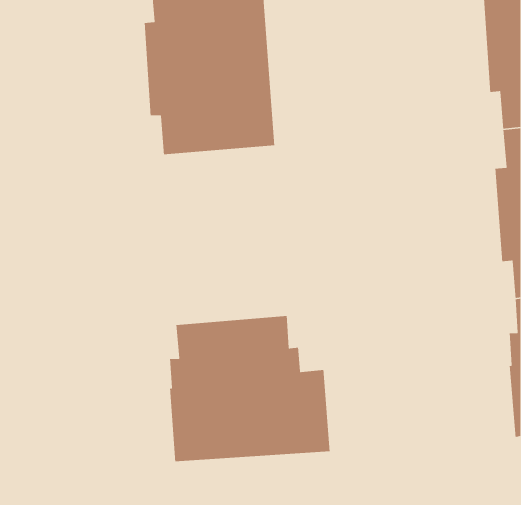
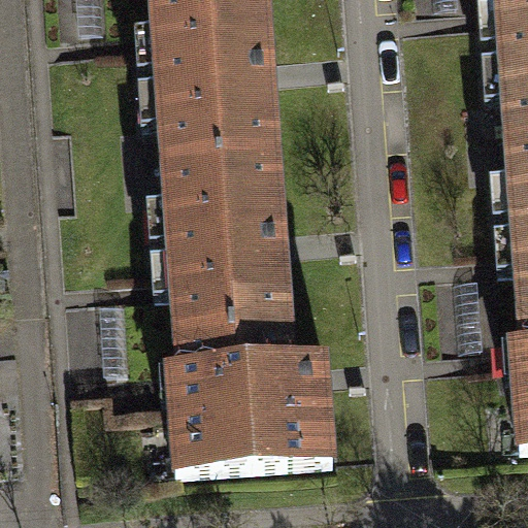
building: none -> [158,147,291,328]

